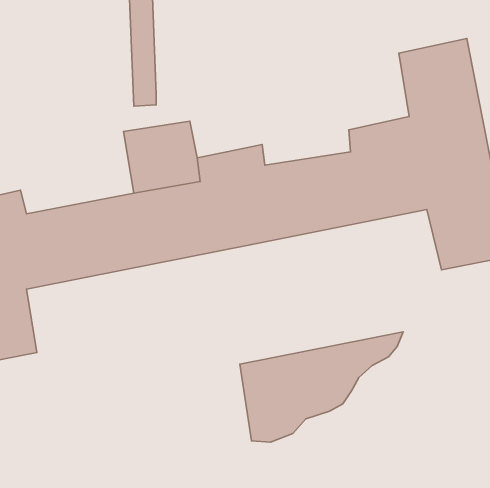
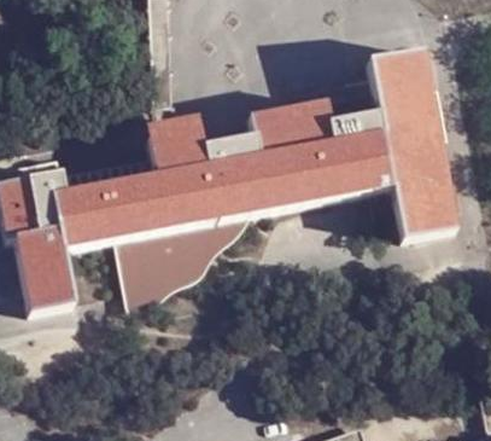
building: none -> [252,94,329,149]
building: [240,332,403,442] -> [113,214,247,304]

